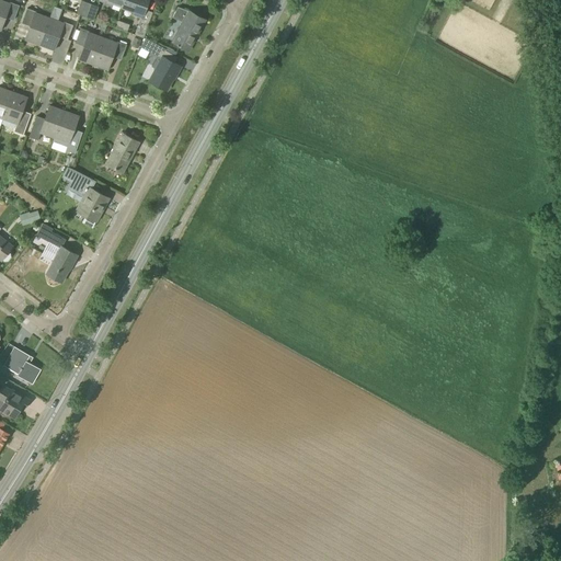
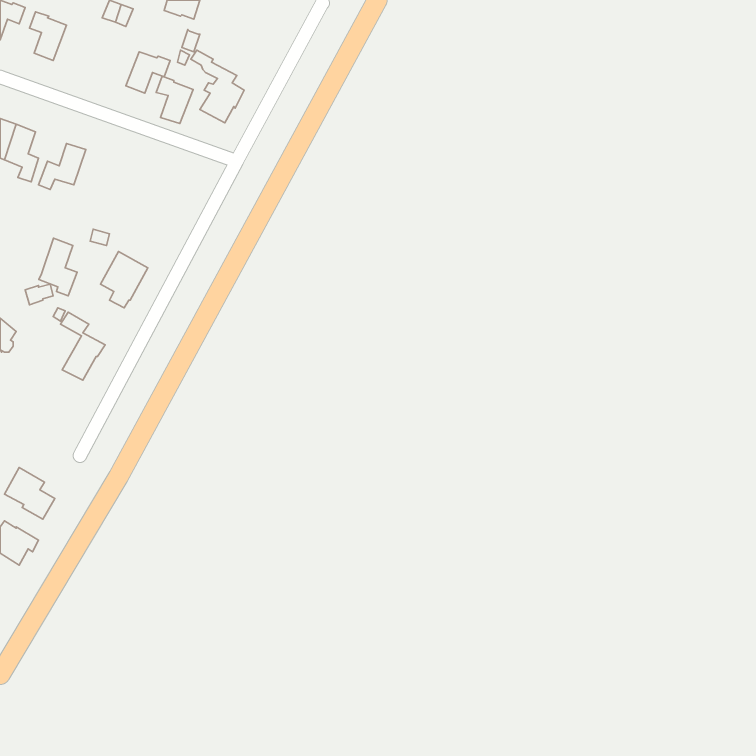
building: [172,8,205,50] -> none
building: [39,19,72,49] -> none
building: [76,28,103,64] -> [156,76,193,123]
building: [53,111,81,153] -> [39,238,77,296]
building: [105,134,138,174] -> none

